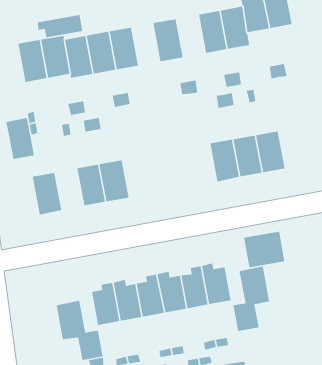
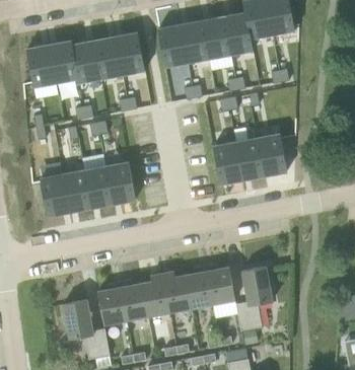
building: [37,14,83,38] -> none
building: none -> [181,20,209,63]
building: [6,117,35,160] -> [62,170,90,212]
building: [243,231,285,268] -> none

